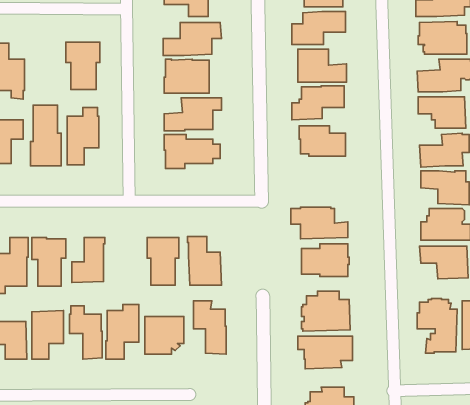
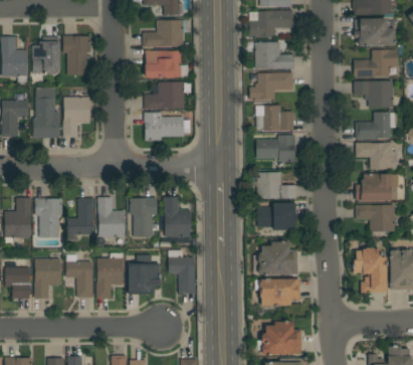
building: none -> [31,37,59,82]
building: none -> [255,136,294,162]
building: none -> [97,197,125,237]

